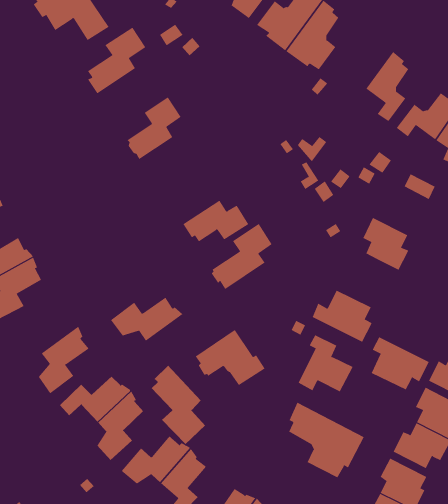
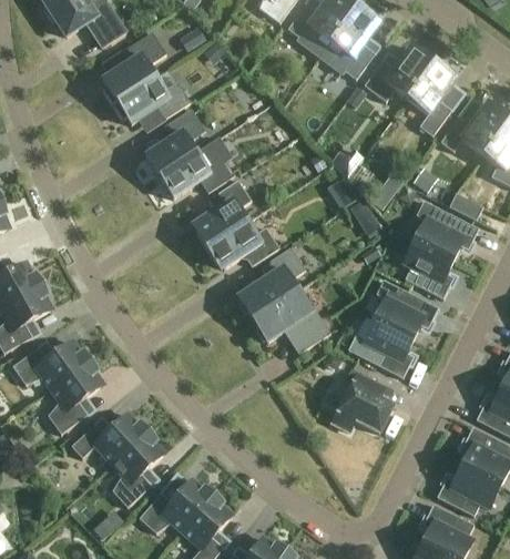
building: none -> [364,47,437,102]
building: none -> [112,77,191,124]
building: none -> [157,136,235,197]
building: none -> [195,180,252,247]
building: none -> [415,200,479,260]
building: [110,297,183,341] -> [12,341,92,389]
building: [195,329,266,386] -> [253,289,330,352]
building: [371,337,430,390] -> [375,280,439,338]
building: [151,365,206,445] -> none
building: [289,402,364,478] -> none

